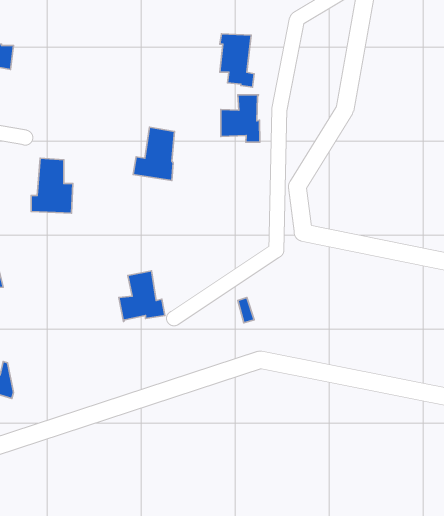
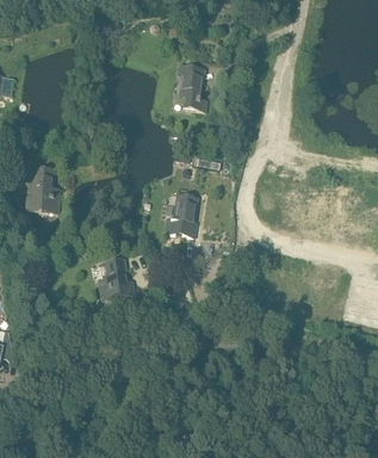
building: [221,95,260,142] -> none
building: [133,127,175,181] -> [162,194,196,237]

